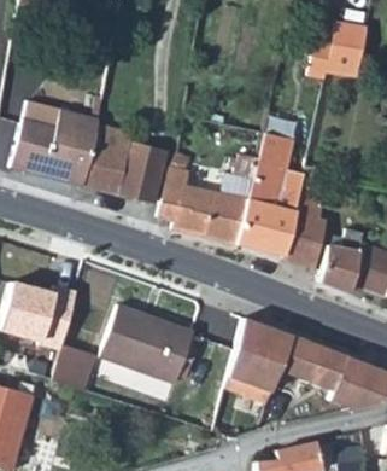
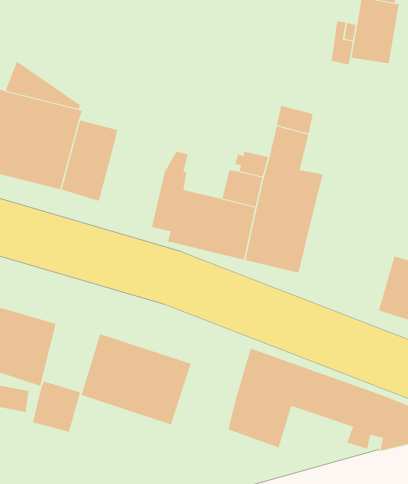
building: [117,145,170,207] -> none
building: [285,197,327,269] -> none
building: [319,226,368,293] -> none

